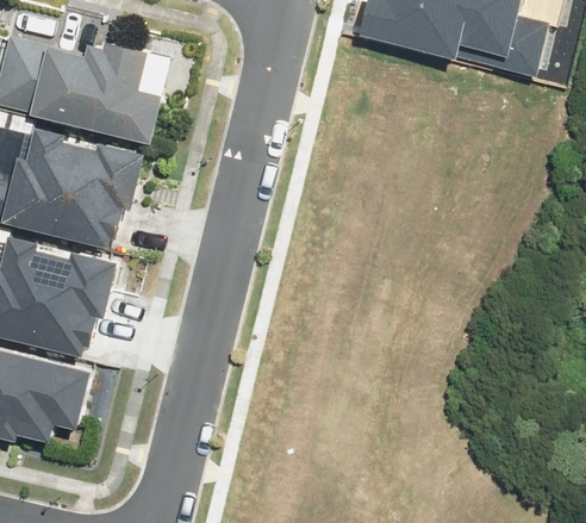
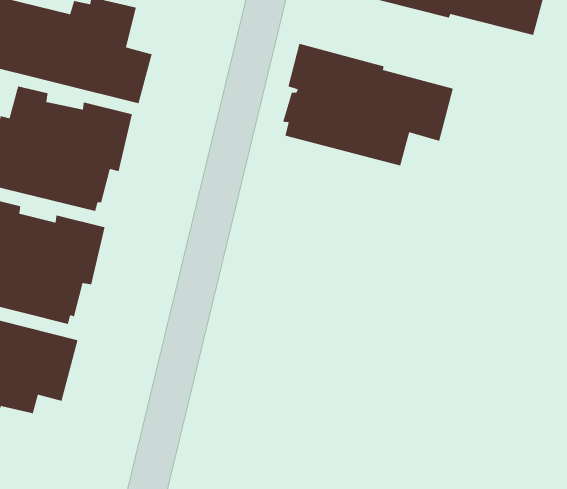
building: none -> [282,43,454,166]

